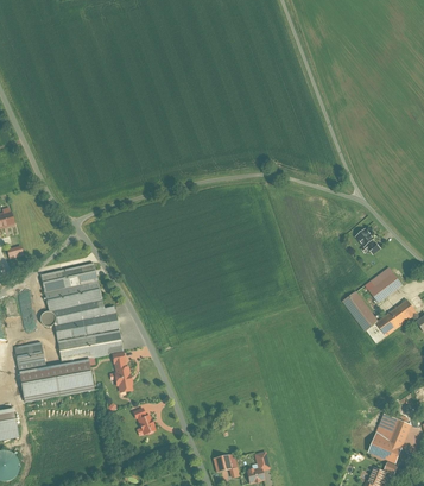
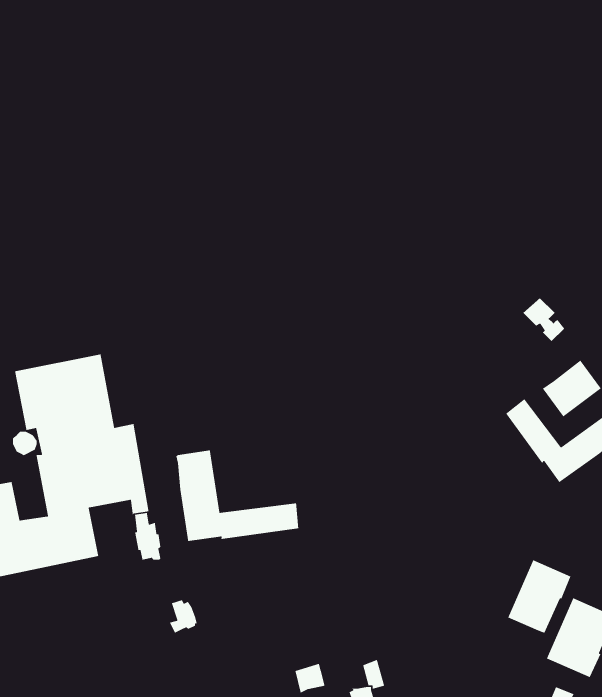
building: none -> [176,450,299,542]
building: none -> [507,559,572,634]

